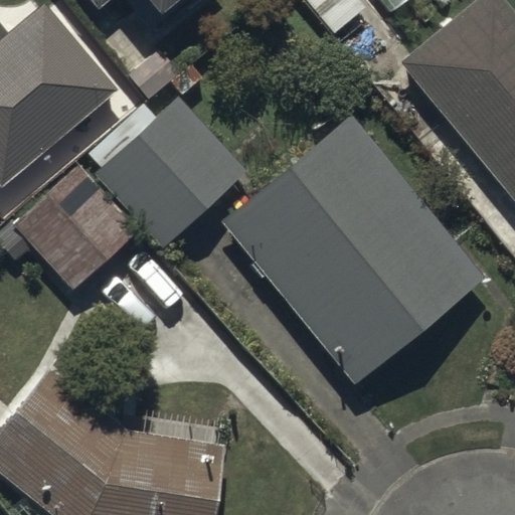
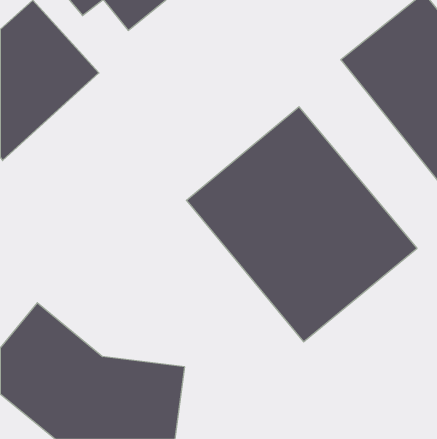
building: [91,81,242,228] -> none
building: [15,149,138,272] -> none

